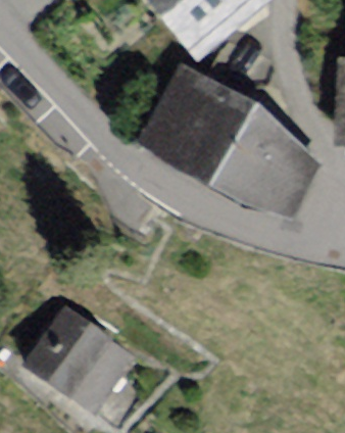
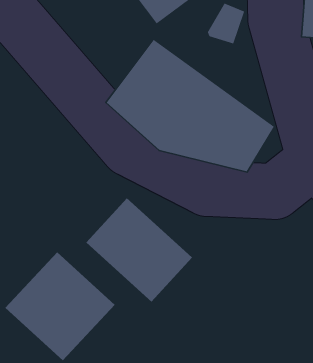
building: none -> [86,198,193,302]

